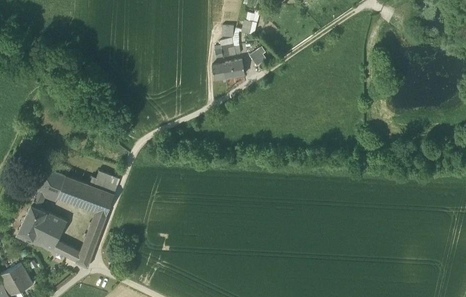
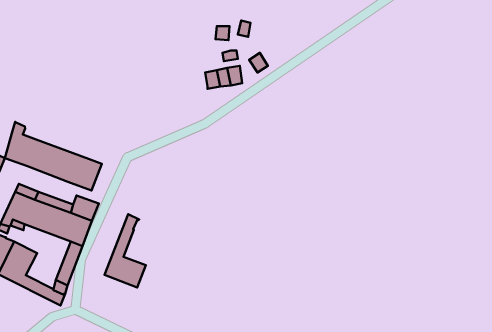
building: none -> [5,122,102,190]
building: none -> [104,214,146,288]

